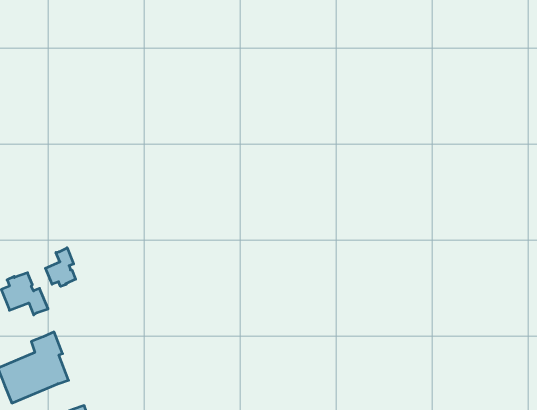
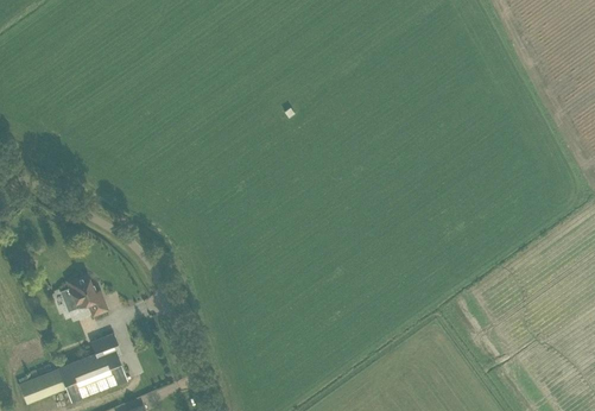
building: [45,248,76,286] -> none

